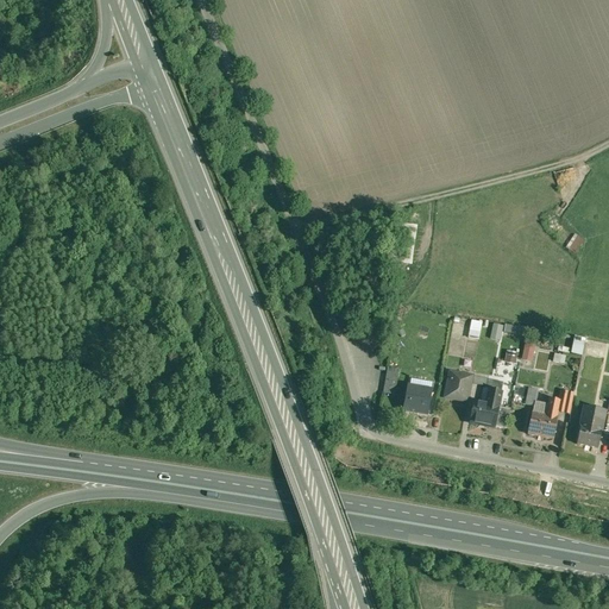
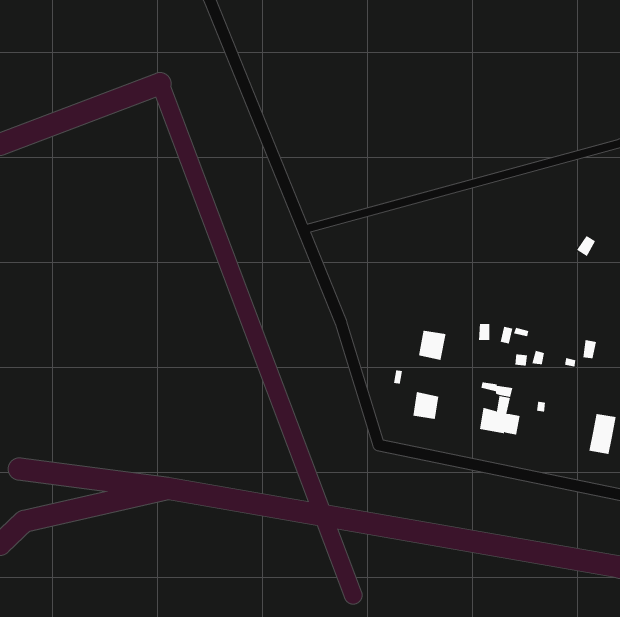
building: [445,370,472,400] -> [418,330,446,360]
building: [527,397,560,438] -> none

